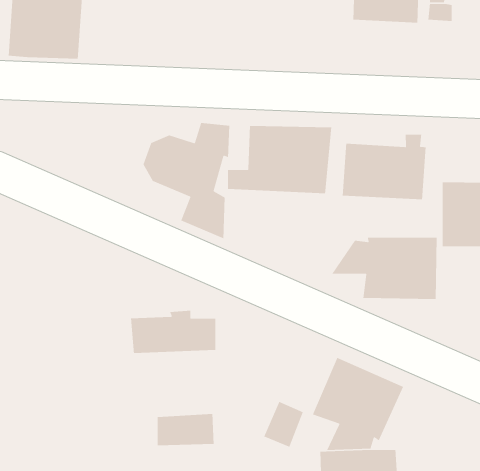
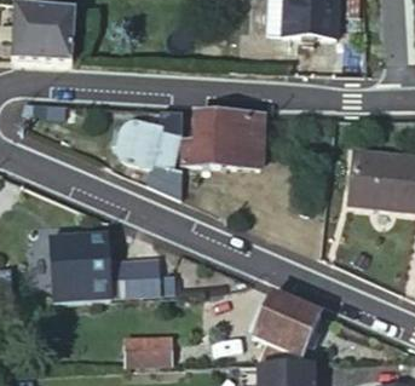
building: [342,134,427,200] -> none
building: [331,237,437,300] -> none
building: none -> [48,234,110,304]

